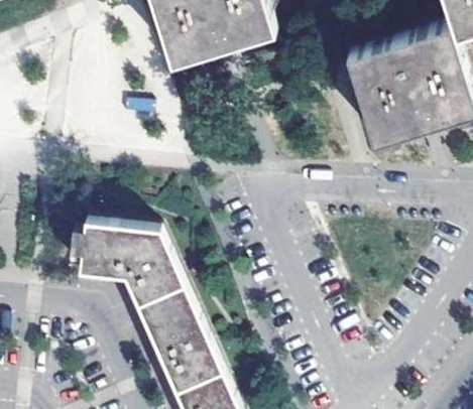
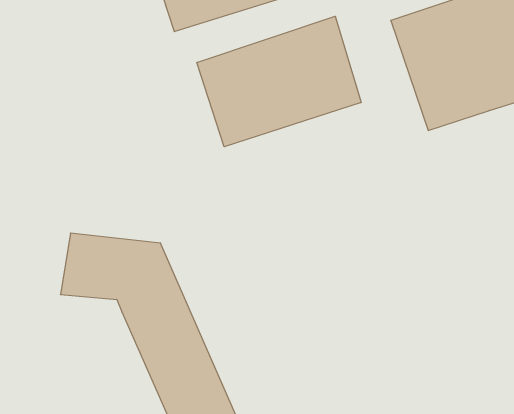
building: none -> [197,16,361,147]

